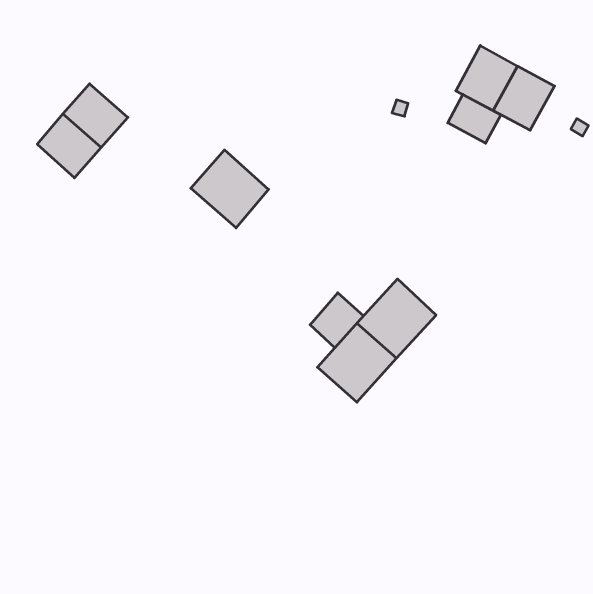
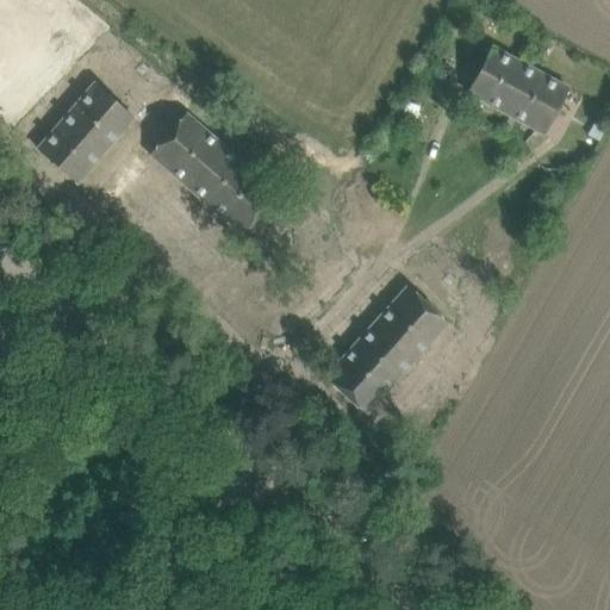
building: [448,94,501,143] -> none
building: none -> [151,114,231,193]
building: [310,293,364,348] -> none

